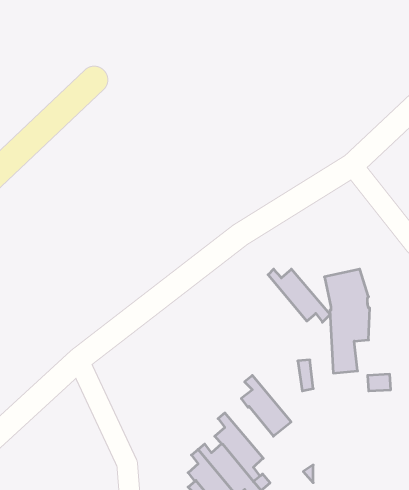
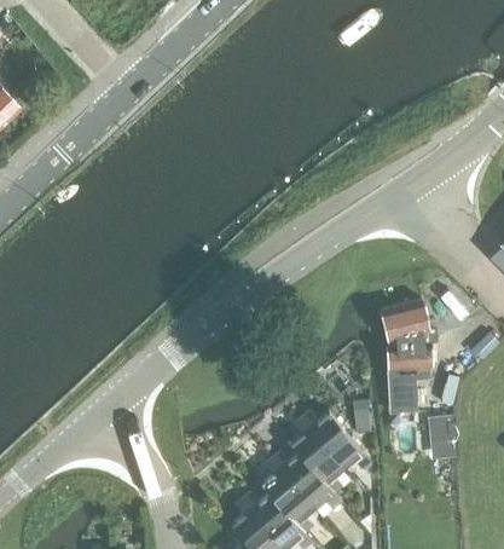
building: [268,269,330,322] -> [302,414,370,472]
building: none -> [272,453,342,521]

